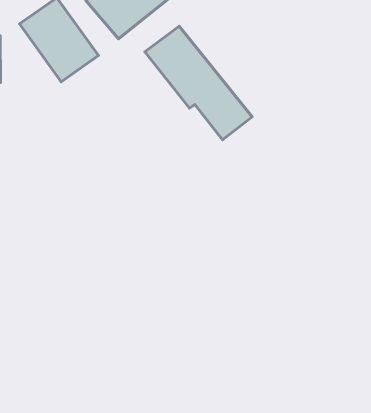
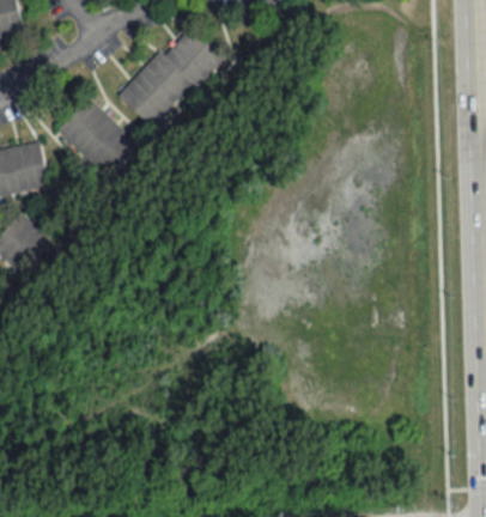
building: [145,26,252,140] -> none

